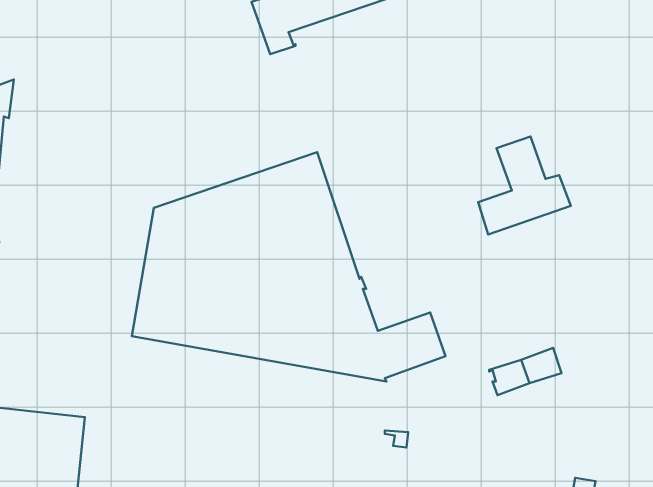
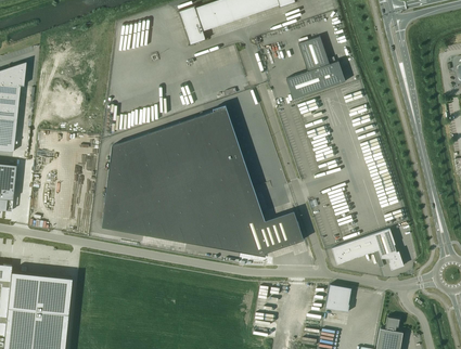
building: [478,136,571,234] -> [285,37,345,100]
building: none -> [372,229,401,269]
building: none -> [324,285,350,312]

